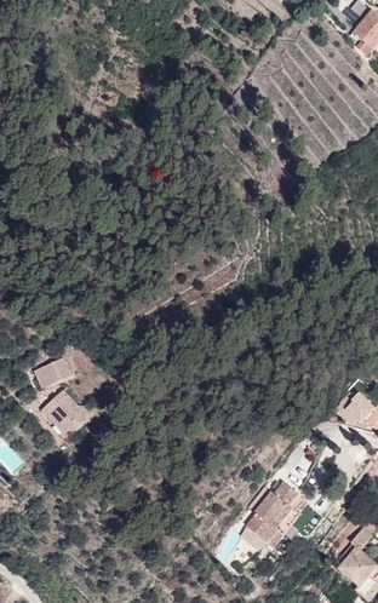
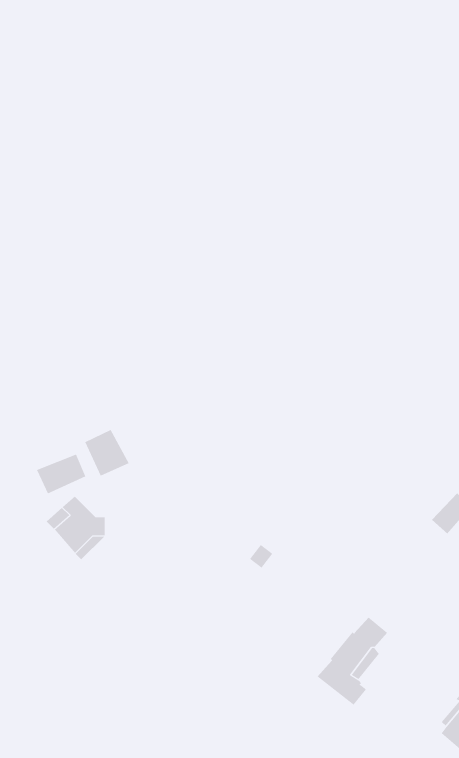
building: none -> [85,429,129,477]

